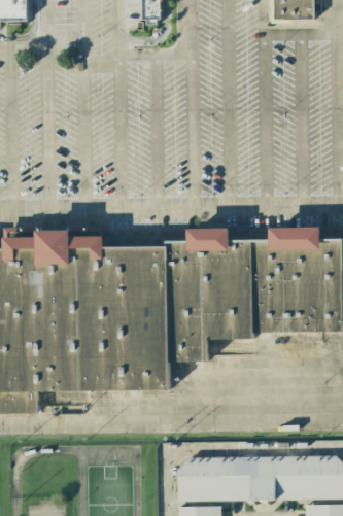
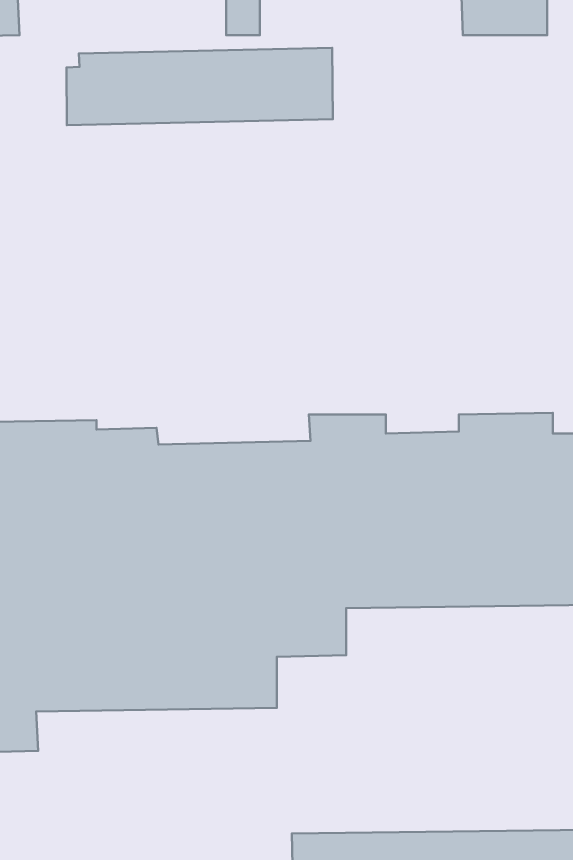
building: none -> [67,48,333,125]

